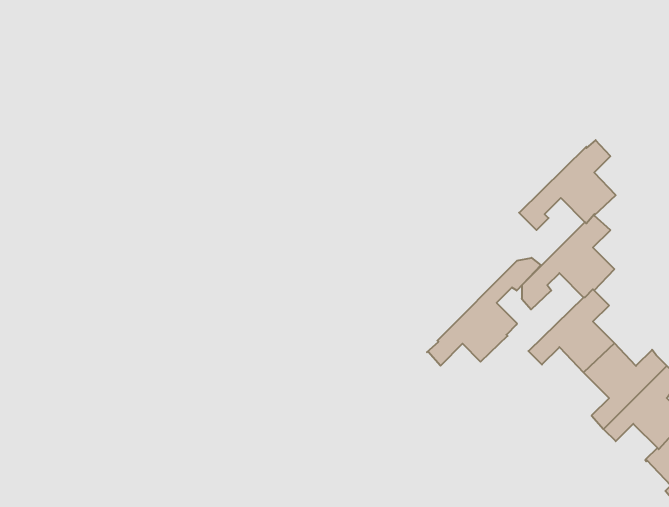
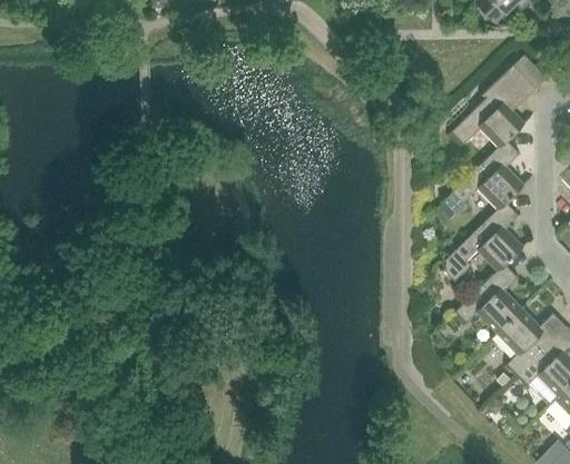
building: none -> [448,65,537,148]
building: [427,258,541,366] -> none

